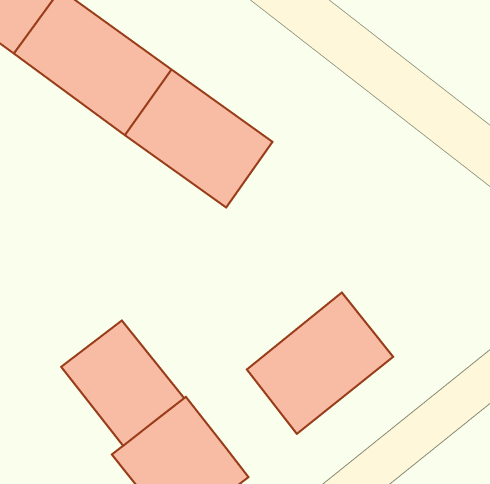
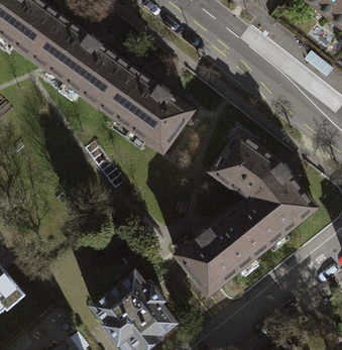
building: none -> [210,129,317,244]
building: [61,320,184,446] -> none

